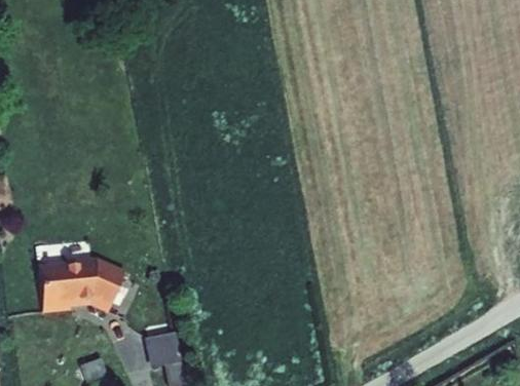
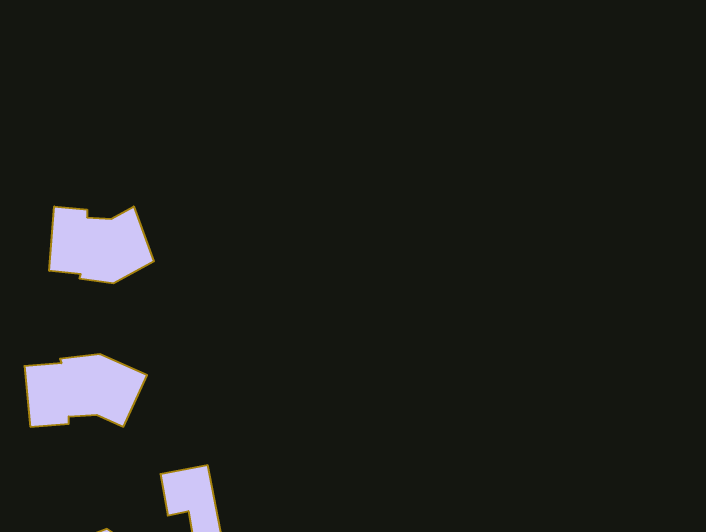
building: none -> [49,206,154,283]

